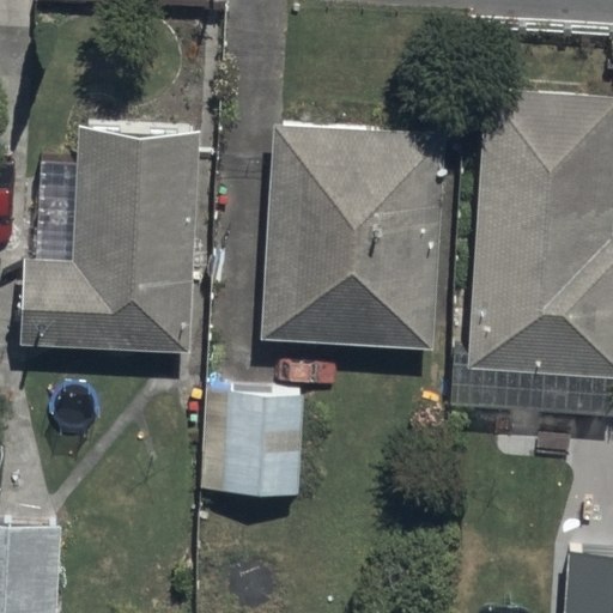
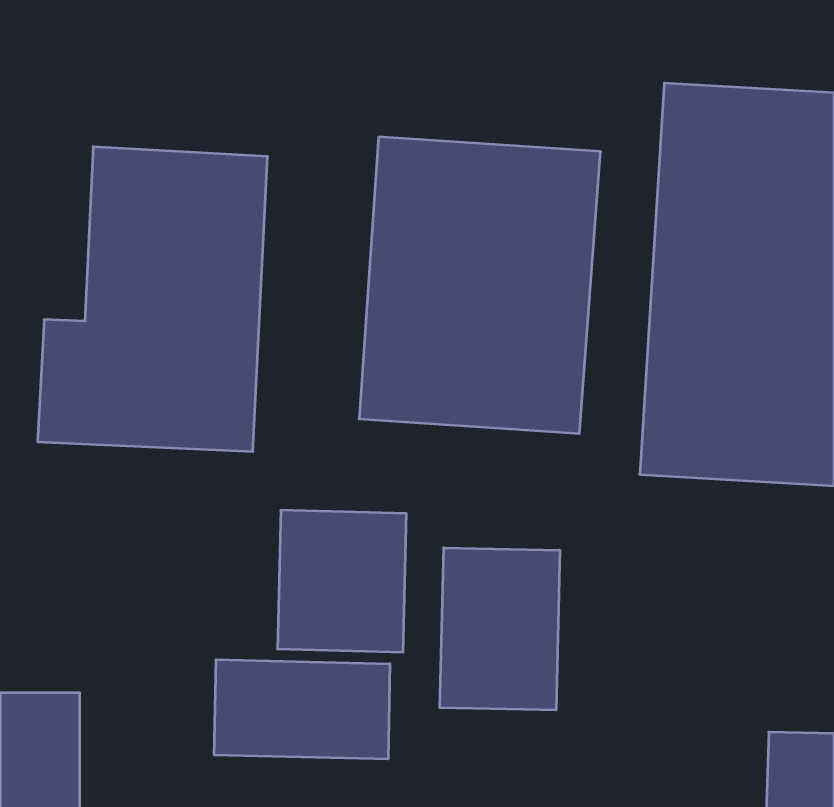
building: none -> [440,548,560,710]
building: none -> [214,660,390,759]

